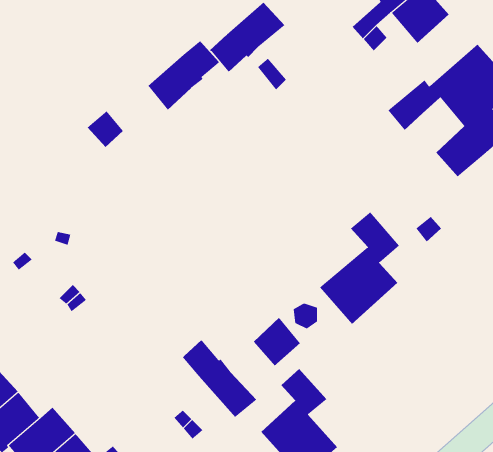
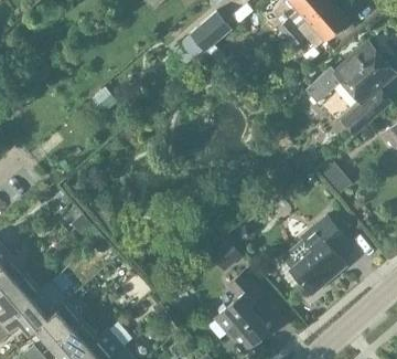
building: [147,40,219,110] -> none
building: [319,211,400,325] -> [289,214,346,295]
building: [182,340,257,418] -> none

